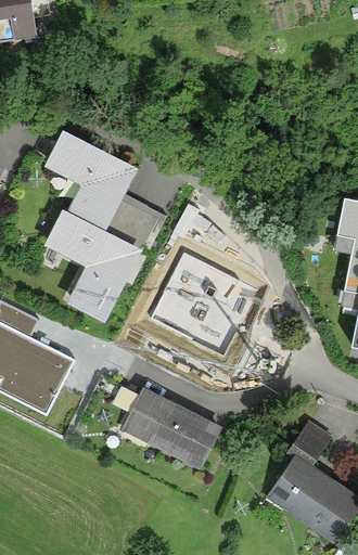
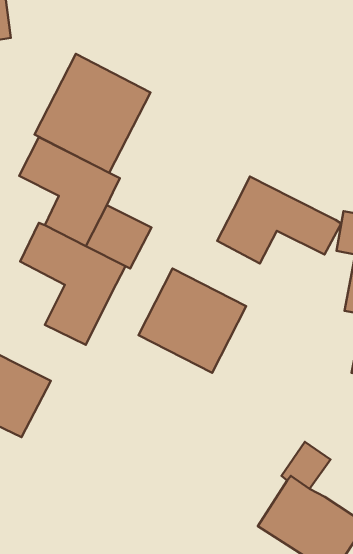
building: none -> [34,54,151,173]
building: none -> [217,176,341,263]
building: [120,378,223,466] -> none

